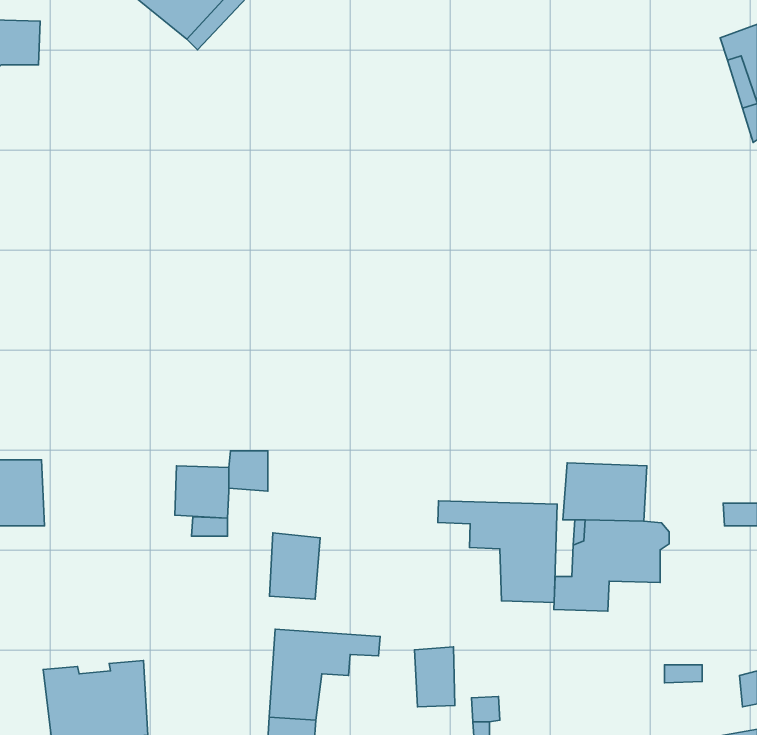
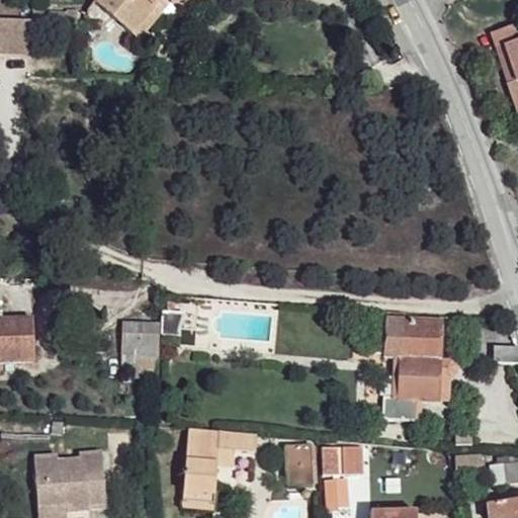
building: [438,501,557,603] -> none
building: [269,533,320,599] -> none
building: none -> [320,445,362,472]

